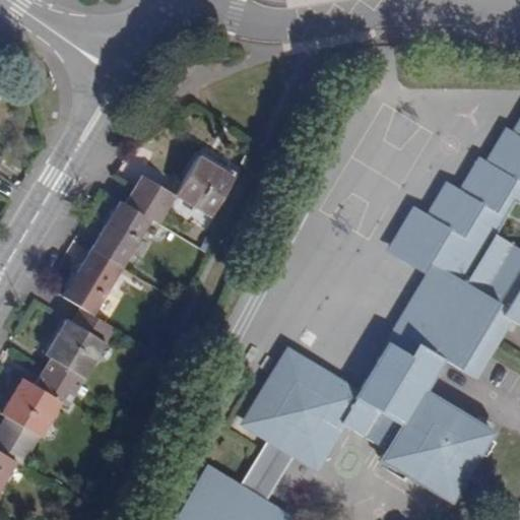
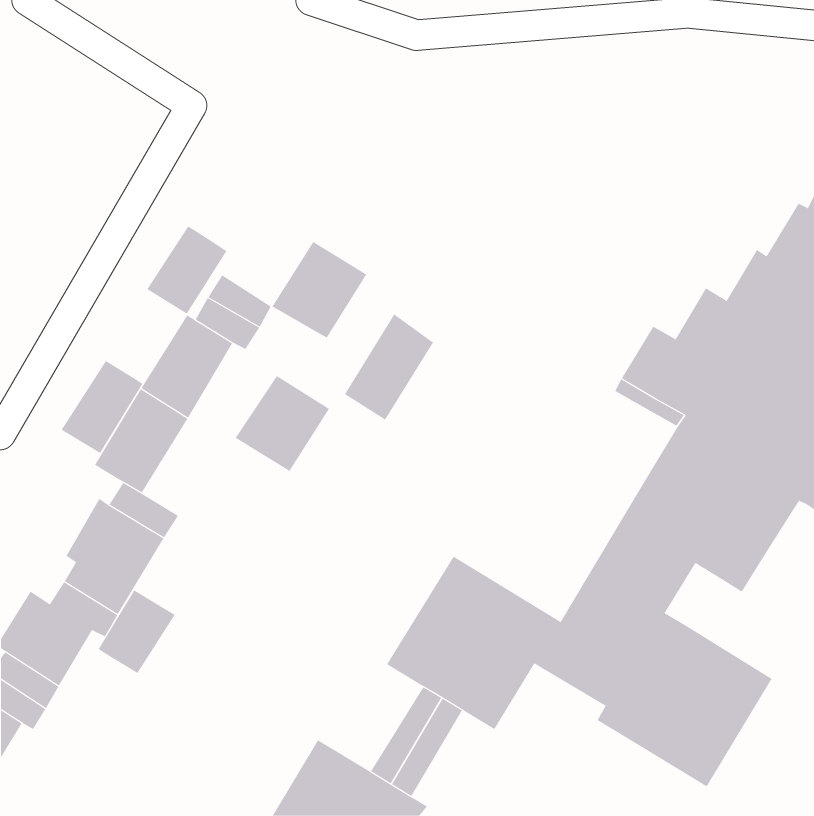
building: none -> [147,225,227,315]
building: none -> [344,314,434,421]
building: none -> [61,360,143,454]
building: none -> [235,375,330,472]
building: none -> [98,590,175,674]

